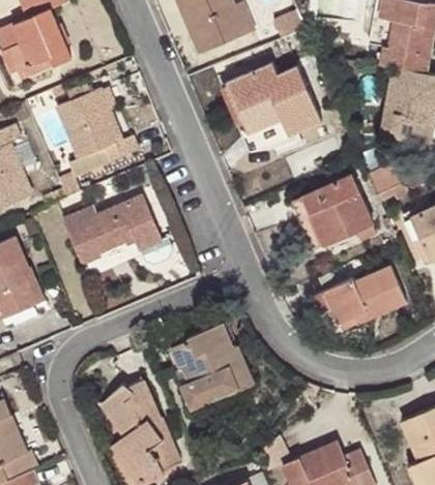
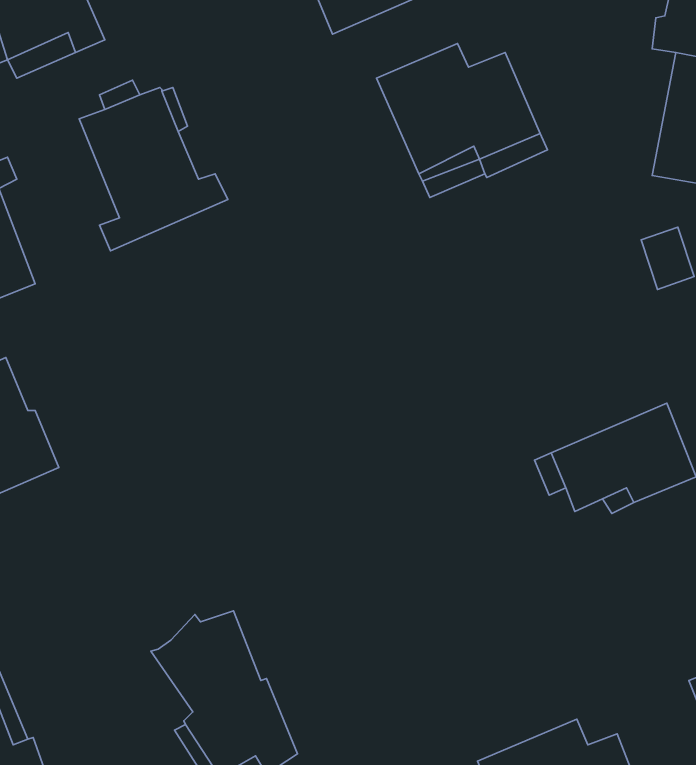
building: [301,174,373,244] -> none
building: [63,195,161,266] -> none
building: [171,324,255,407] -> none

